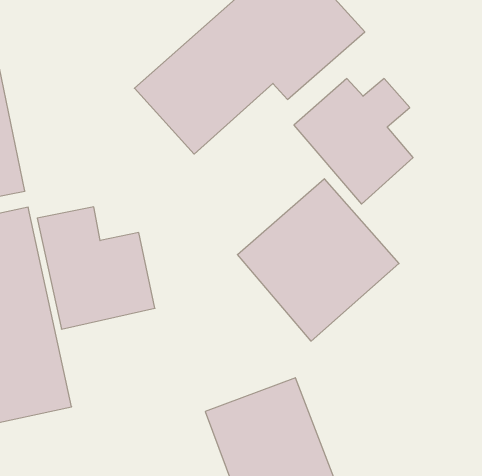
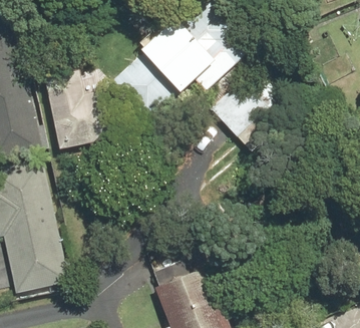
building: [237,179,399,341] -> none
building: [37,207,155,329] -> [45,73,118,149]

